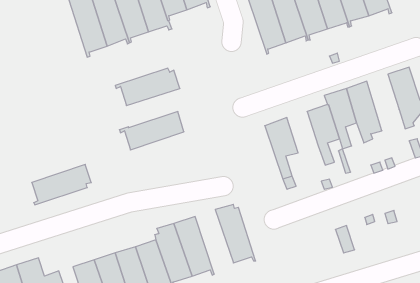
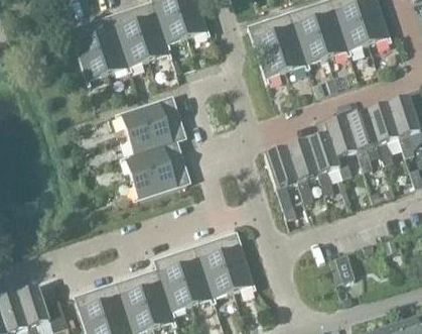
building: none -> [367,104,399,165]
building: none -> [127,118,185,157]
building: none -> [287,141,318,202]
building: [32,164,91,205] -> [131,161,190,202]
building: none -> [195,239,234,304]

